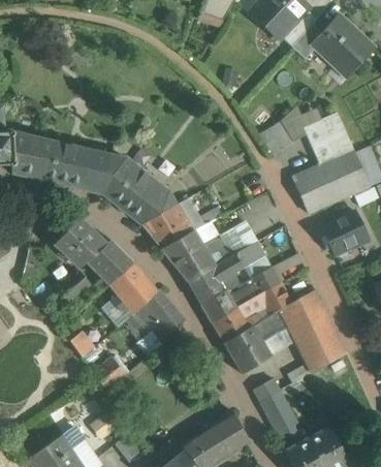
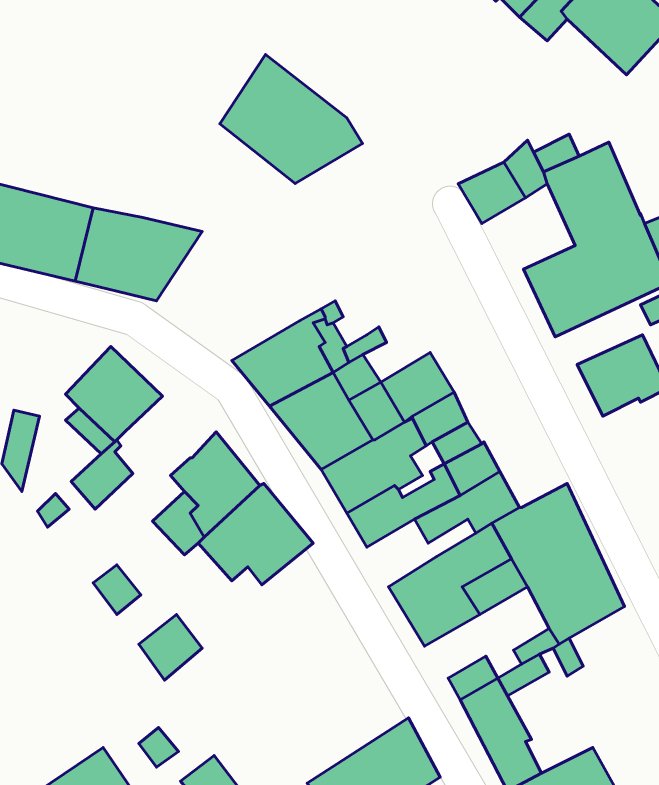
building: [101,157,176,224] -> [220,54,363,183]
building: [85,239,132,284] -> none
building: [211,307,247,342] -> none

